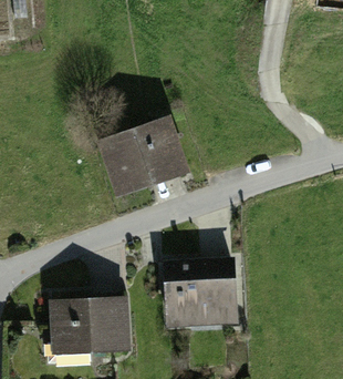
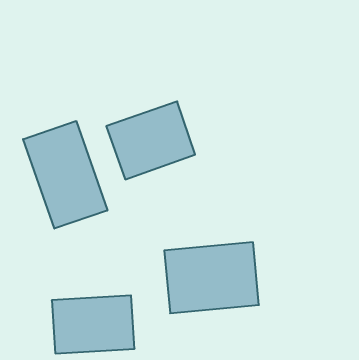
building: none -> [23,121,107,229]

